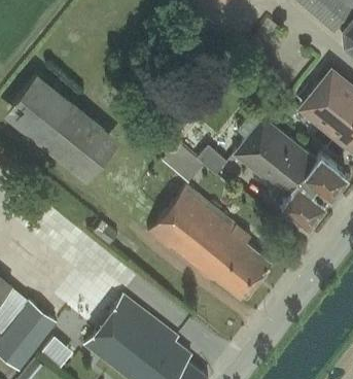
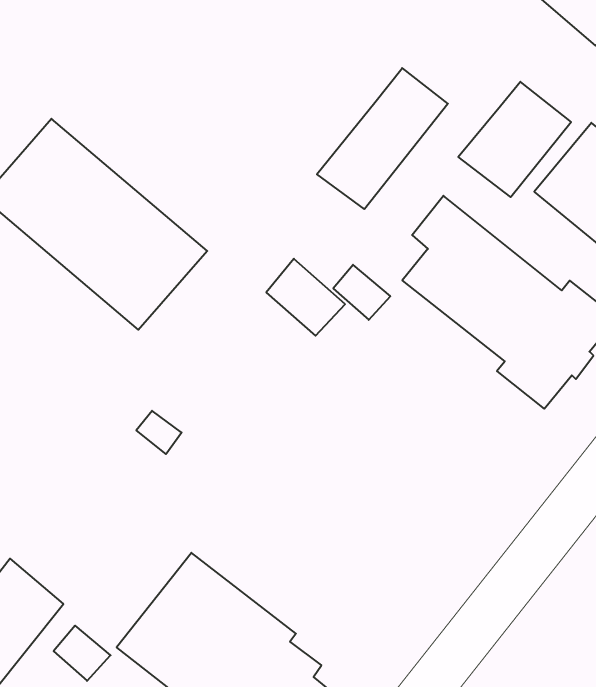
building: none -> [317,68,448,209]
building: none -> [458,82,571,197]
building: [147,185,270,300] -> none

